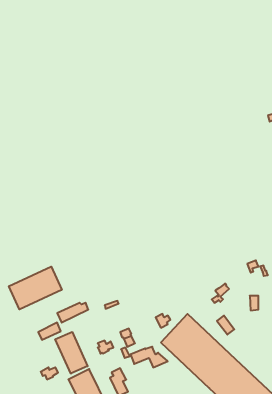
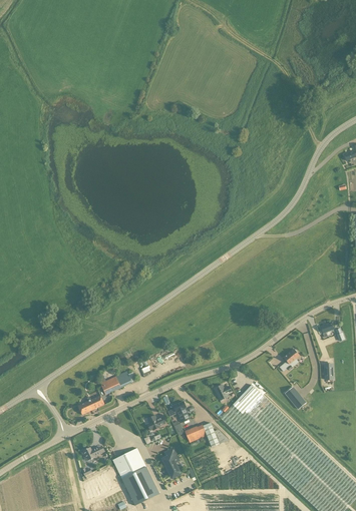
building: [9,267,62,309] -> none
building: [55,332,88,374] -> none

